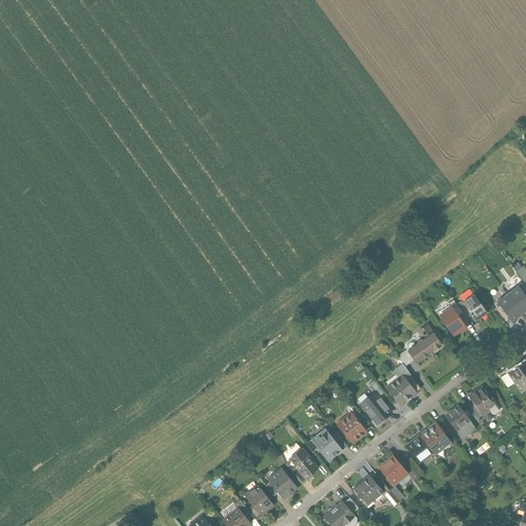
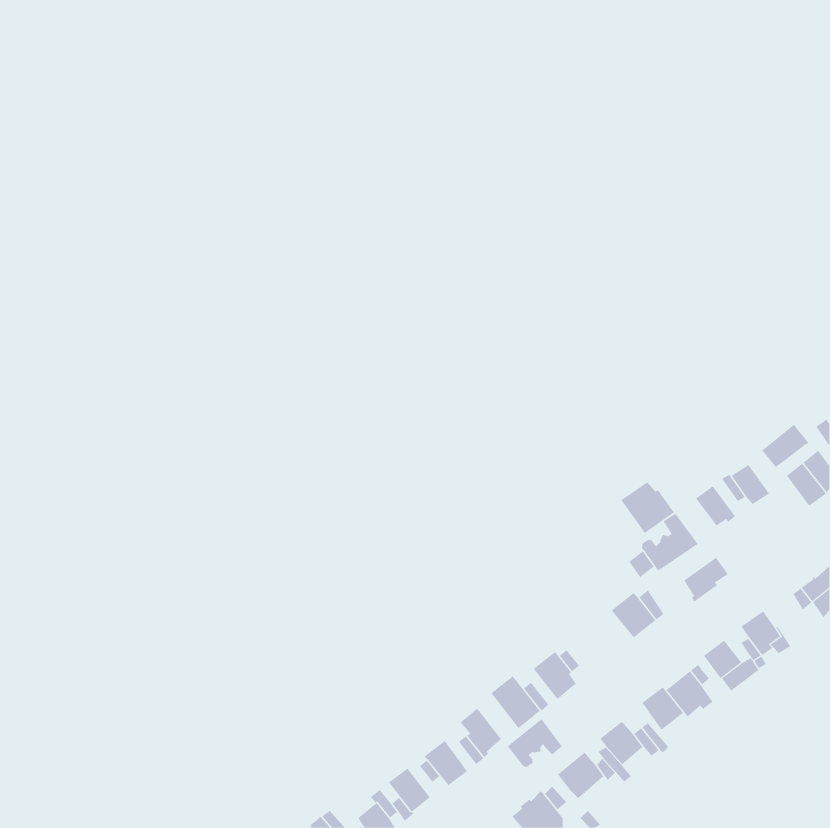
building: none -> [762,424,809,468]
building: none -> [620,481,675,534]
building: none -> [684,557,728,602]
building: [361,392,391,424] -> none
building: none -> [507,718,563,768]

